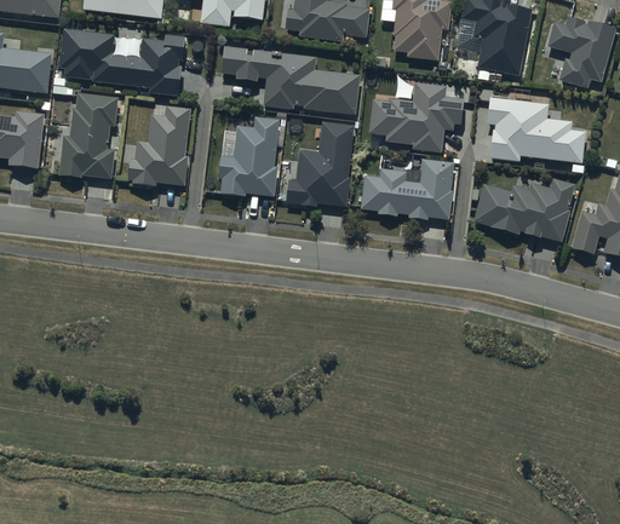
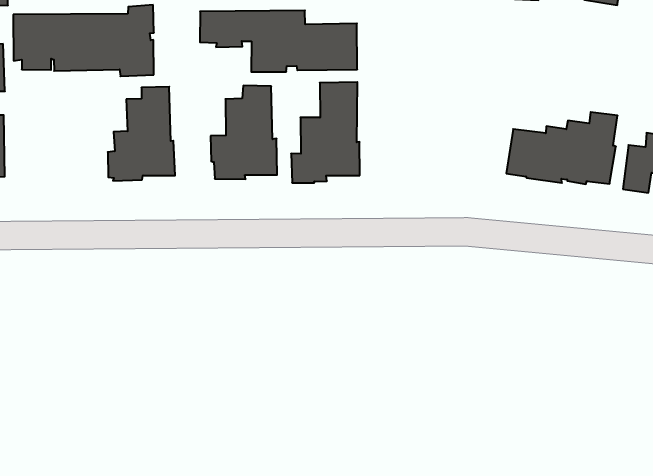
building: [369,81,464,151] -> none
building: [58,92,119,178] -> none
building: [487,97,585,162] -> none
building: [361,159,453,219] -> none

